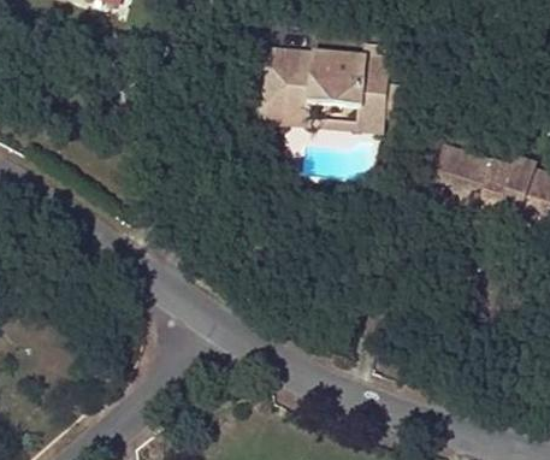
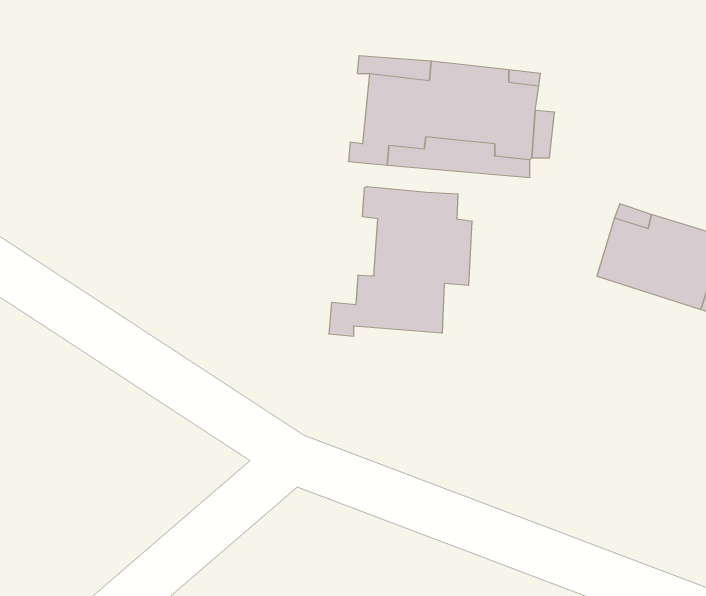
building: none -> [329,186,472,336]

